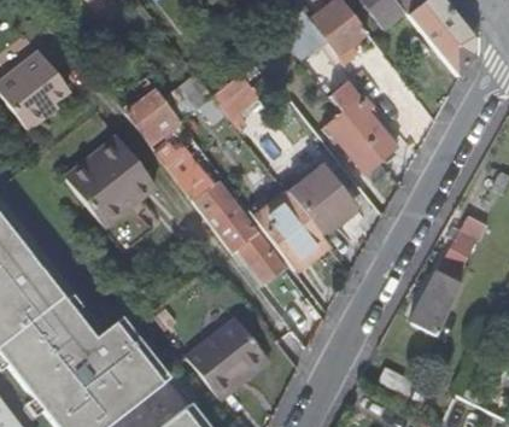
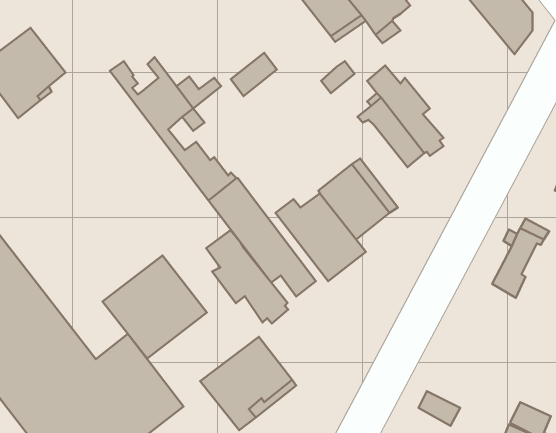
building: [65,135,156,224] -> [103,255,207,358]
building: none -> [206,230,288,324]
building: [411,270,460,334] -> none

